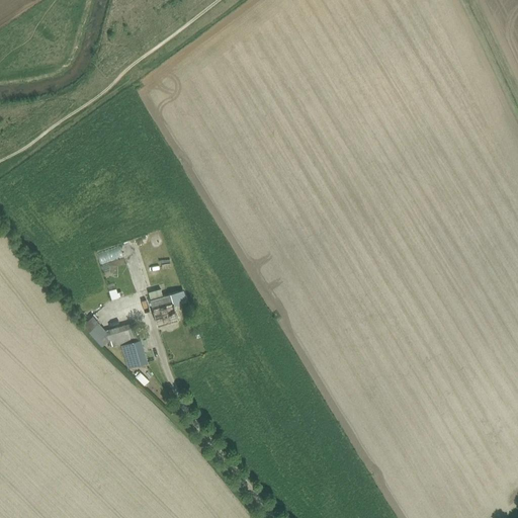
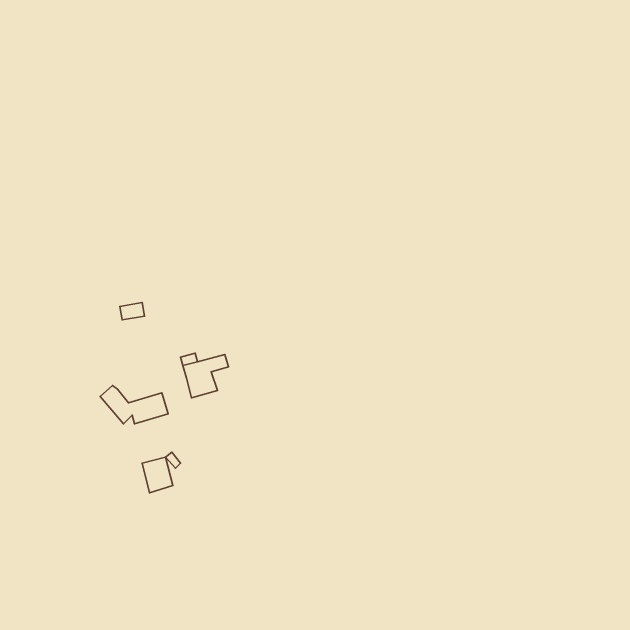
building: [121,340,147,369] -> [142,457,173,493]

